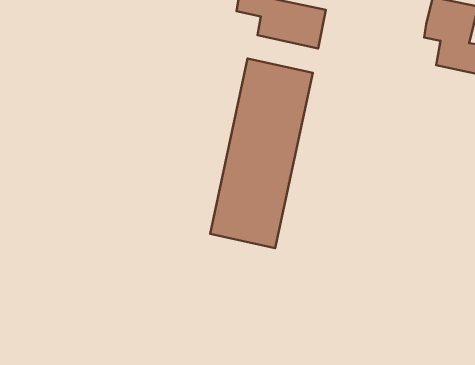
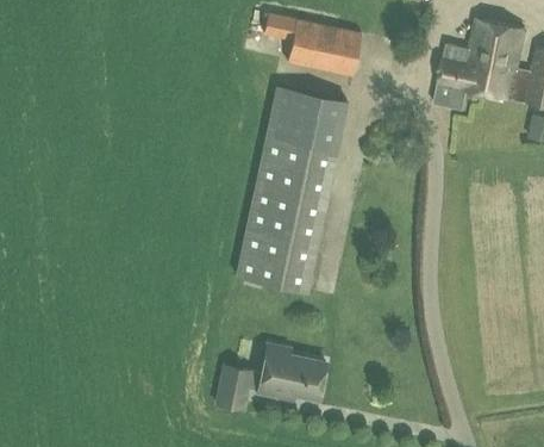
building: none -> [432,44,484,111]
building: none -> [215,344,325,408]

